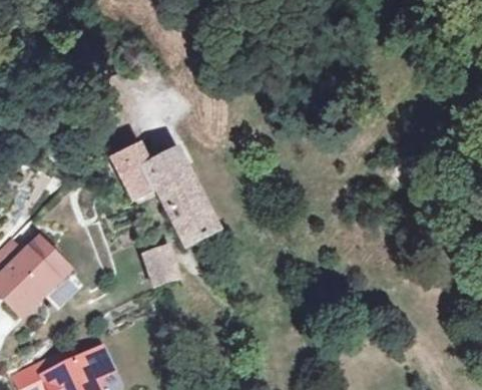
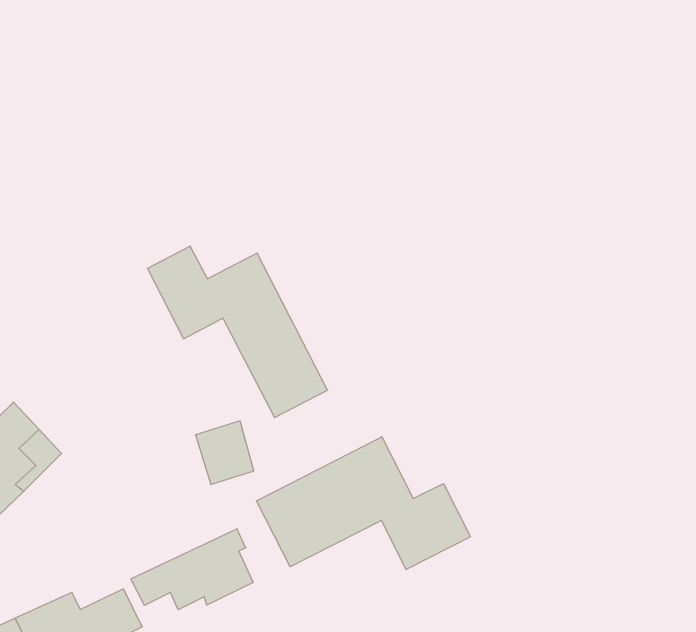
building: none -> [256,437,470,570]
building: none -> [131,529,253,610]

